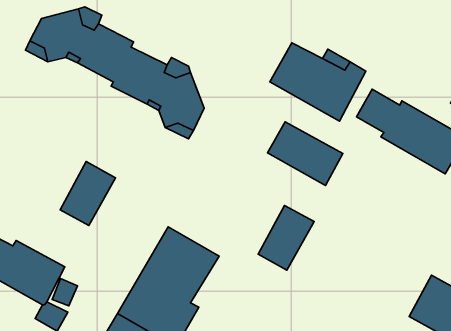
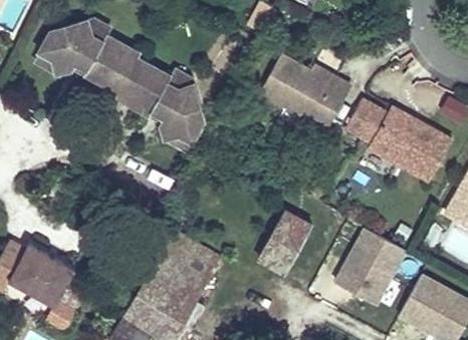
building: [267,122,343,186] -> none
building: [60,161,115,226] -> none
building: none -> [336,228,406,304]

